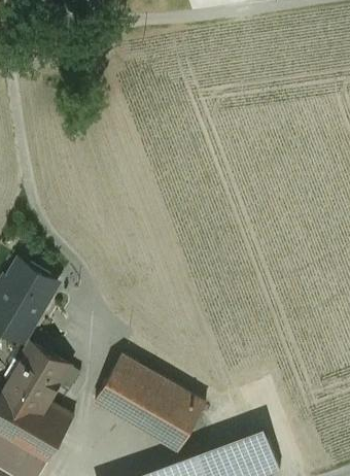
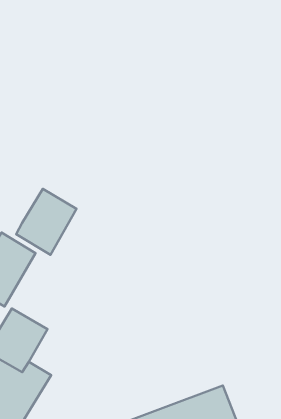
building: none -> [16,189,76,255]
building: [95,354,205,450] -> none

